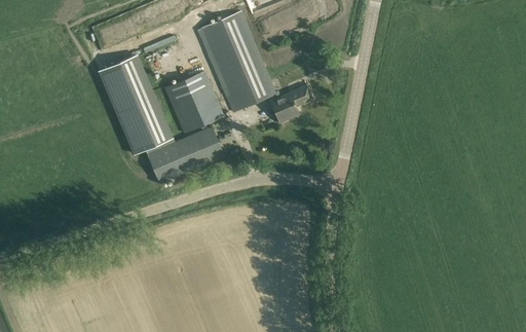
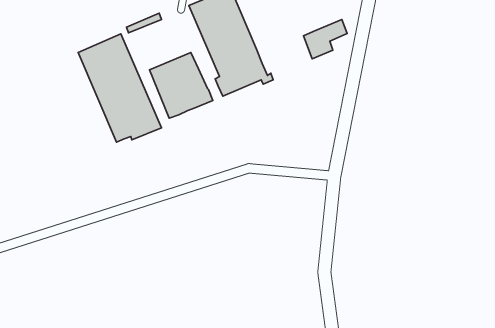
building: [270,85,311,122] -> [303,19,347,59]
building: [147,123,223,183] -> none

